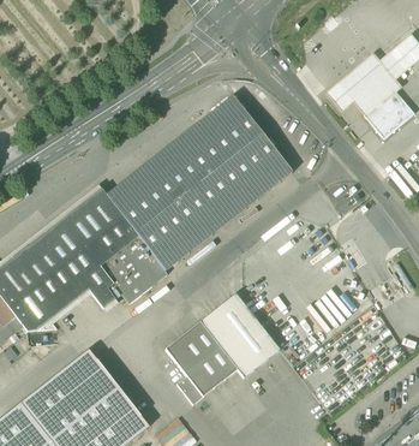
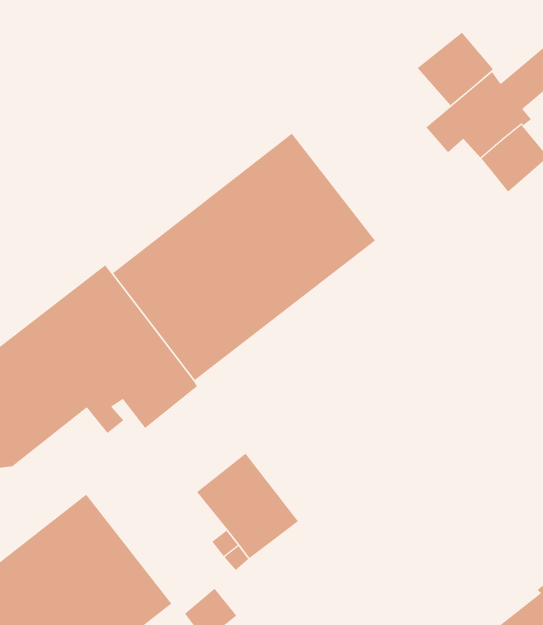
building: none -> [417,32,494,106]
building: [200,293,280,377] -> none

